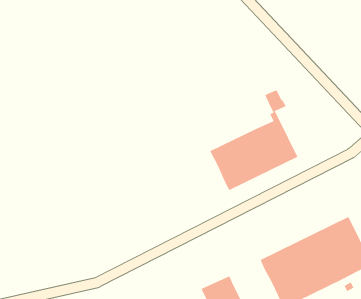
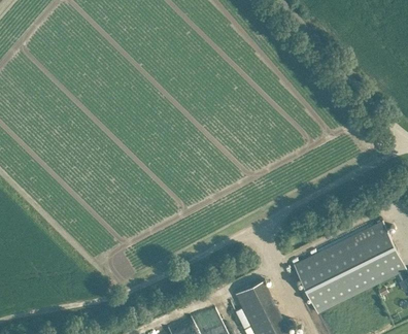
building: [210,89,298,191] -> none

